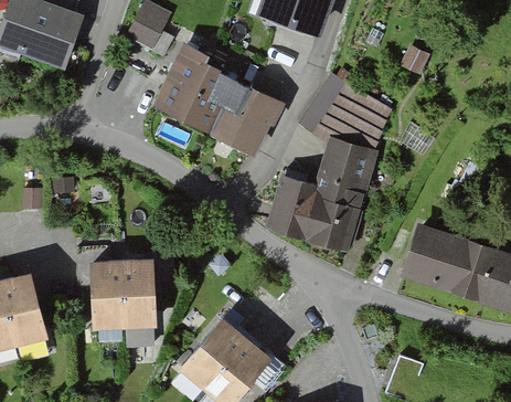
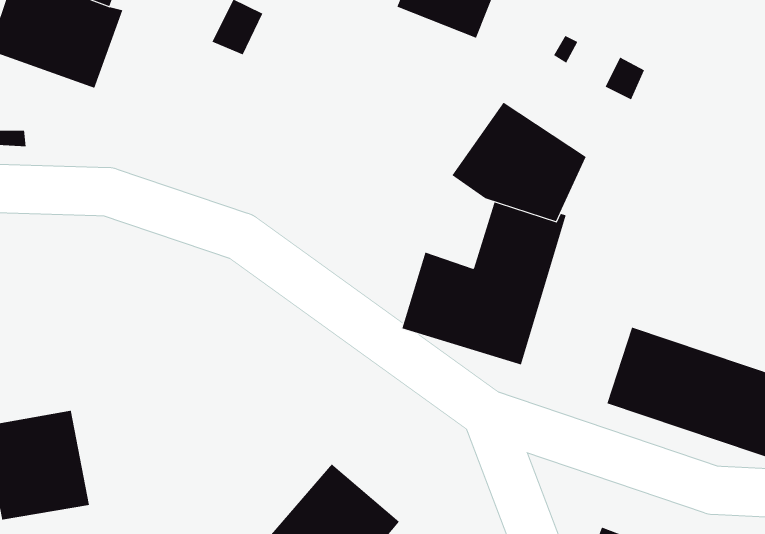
building: [163,51,286,157] -> none
building: [105,266,171,334] -> none

